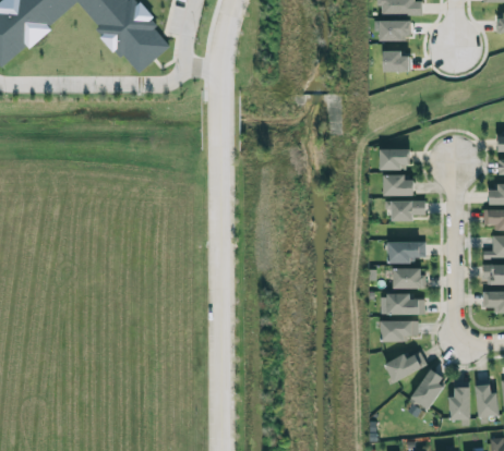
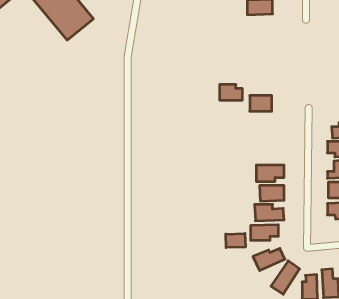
building: [383,52,410,72] -> none
building: [383,174,413,195] -> [220,85,242,100]
building: [387,200,425,220] -> none
building: none -> [226,233,245,248]

